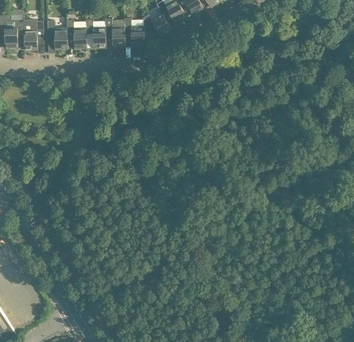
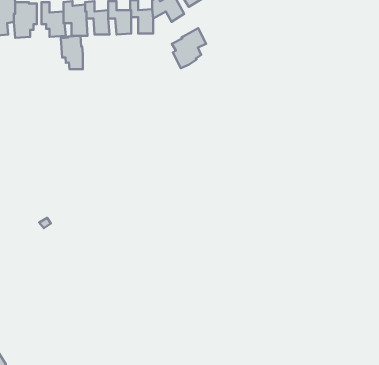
building: none -> [172,28,206,68]
building: none -> [61,36,83,69]

